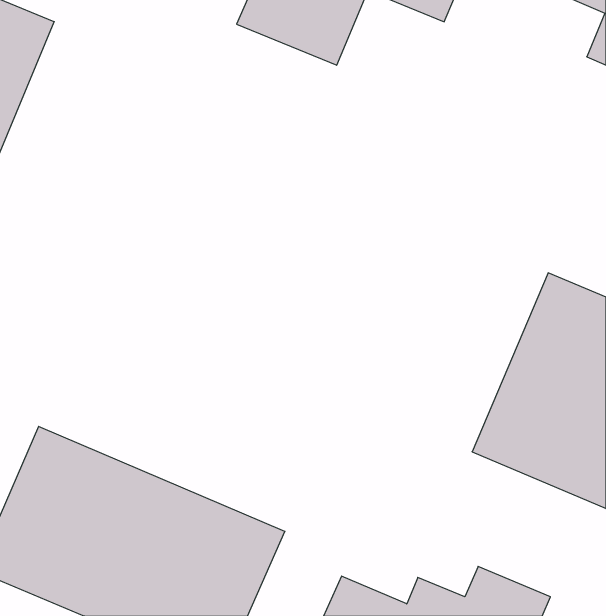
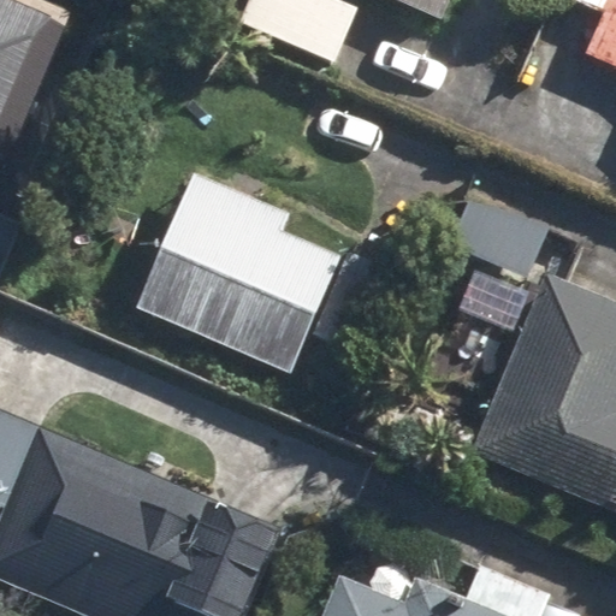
building: none -> [135,173,344,375]

